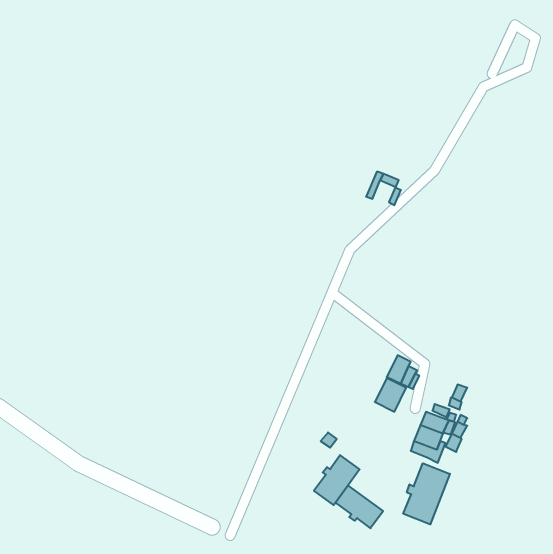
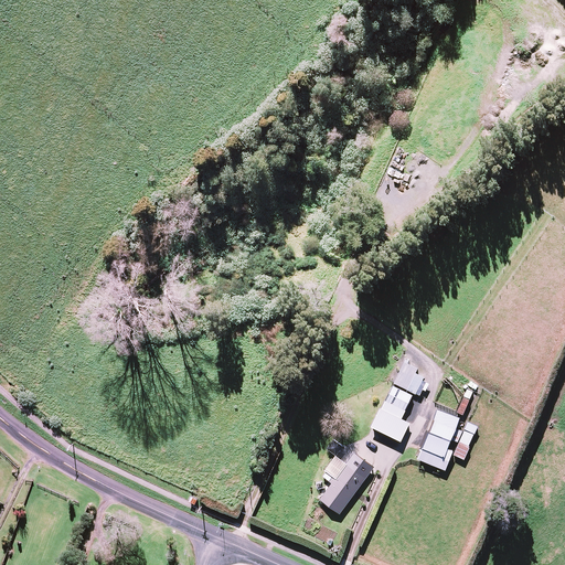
building: none -> [370,407,409,441]
building: [403,463,450,524] -> none
building: [335,486,383,528] -> none

